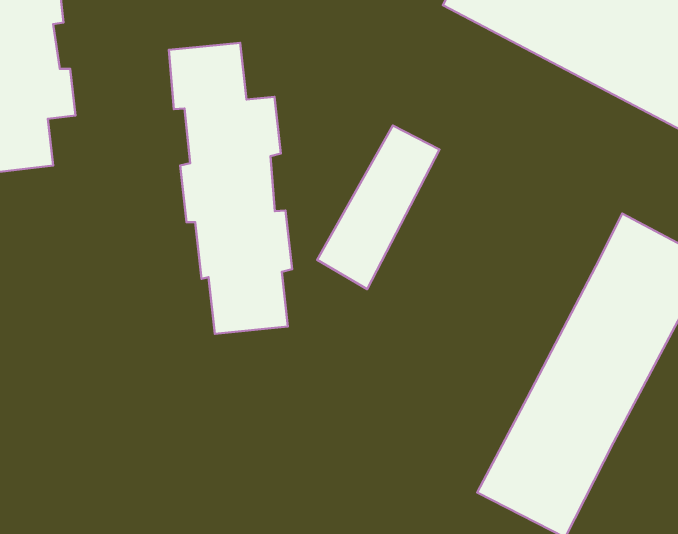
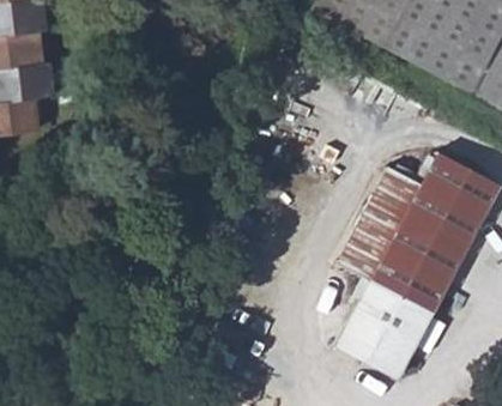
building: [169,43,292,334] -> none
building: [317,125,440,289] -> [335,169,421,283]

